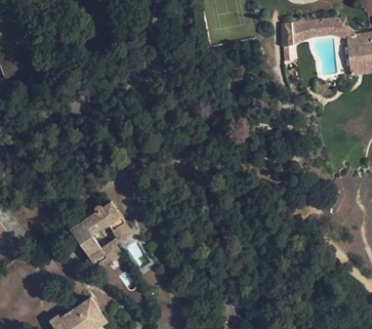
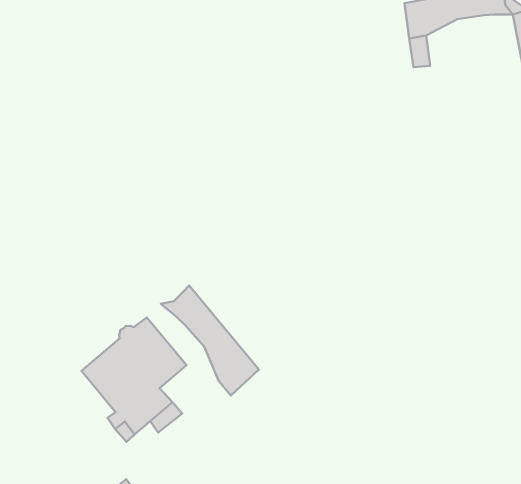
building: none -> [161,286,259,395]

